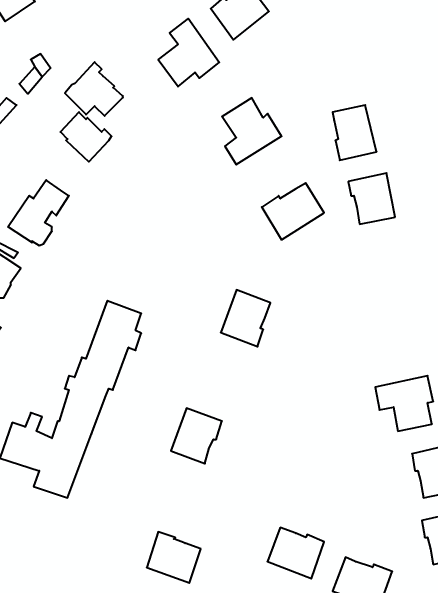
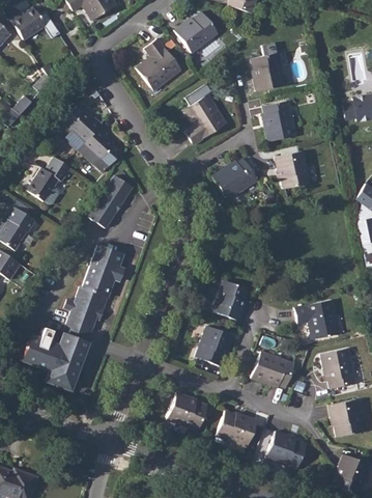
building: none -> [254,52,287,89]
building: [65,62,123,116] -> [78,127,120,166]
building: none -> [88,174,133,227]
building: [221,290,270,347] -> [211,279,248,321]
building: [171,408,222,464] -> [195,325,232,365]
building: none -> [251,351,294,387]
building: [147,532,201,583] -> [168,392,207,430]

